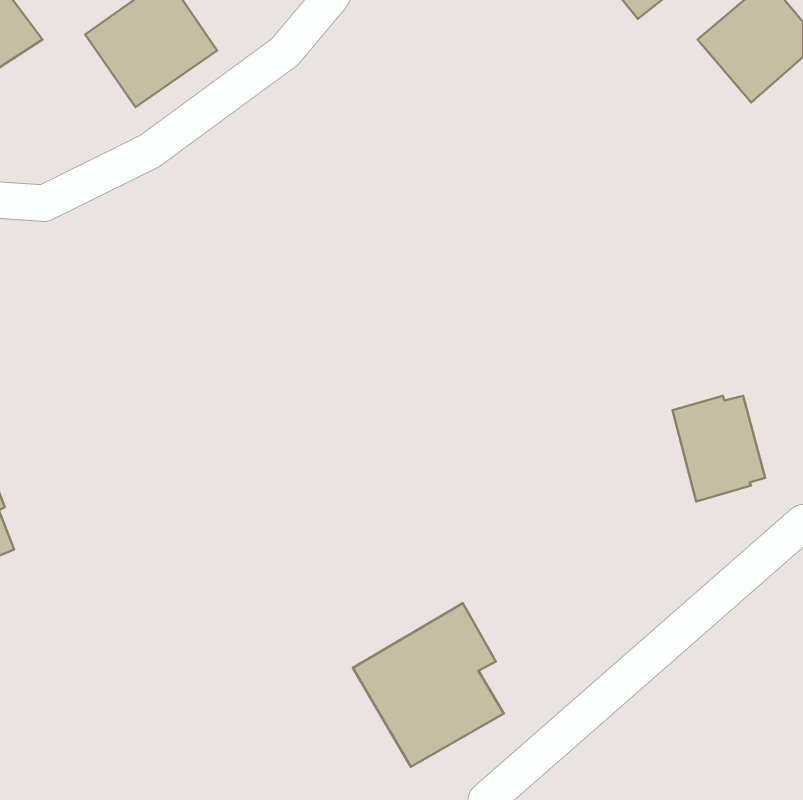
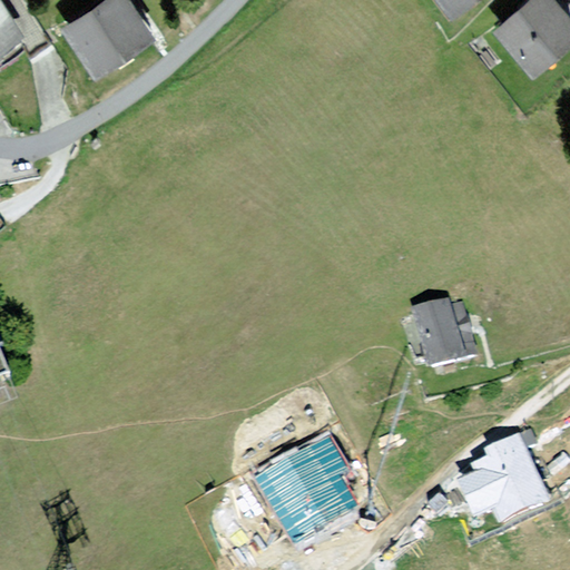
building: [672,396,765,501] -> [410,298,475,373]
building: none -> [455,428,549,529]

